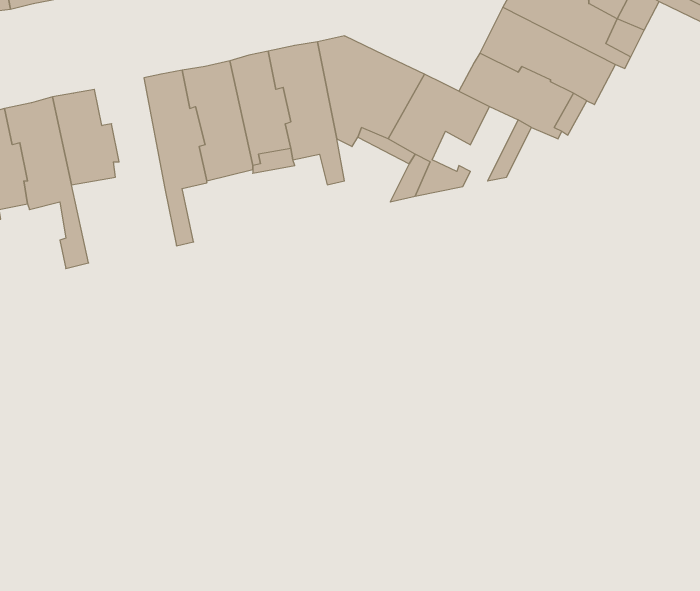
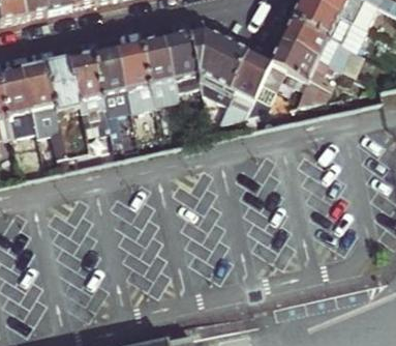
building: none -> [60,56,98,117]

